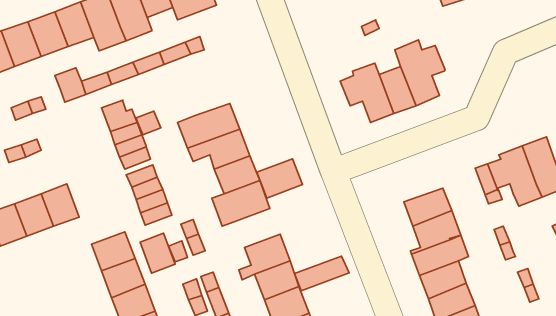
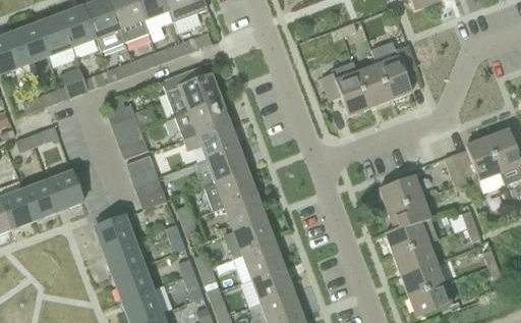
building: none -> [160,65,220,115]
building: [257,159,303,198] -> [224,194,266,229]
building: [140,233,175,273] -> none
building: [294,256,349,291] -> none

